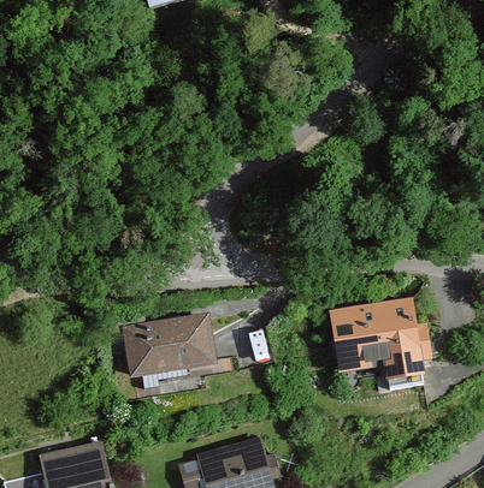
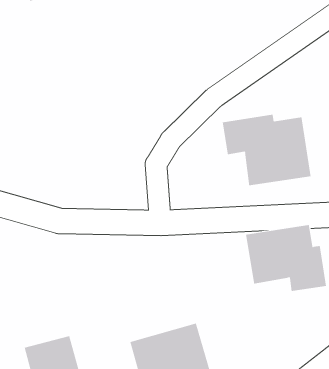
building: none -> [222,114,311,186]
building: [122,311,218,380] -> none

